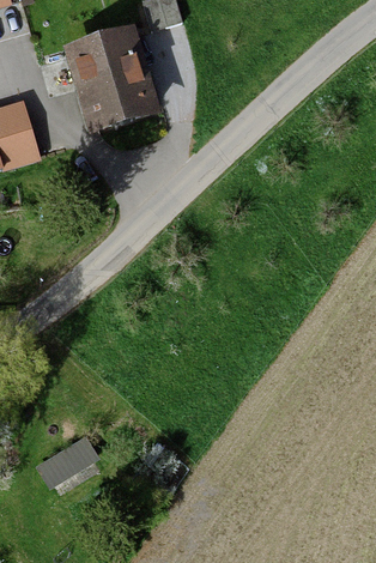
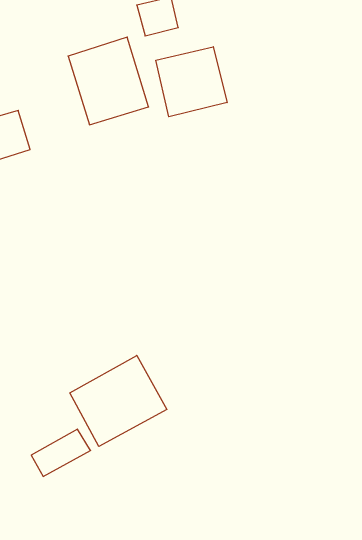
building: none -> [156,47,227,117]
building: none -> [70,355,167,446]

